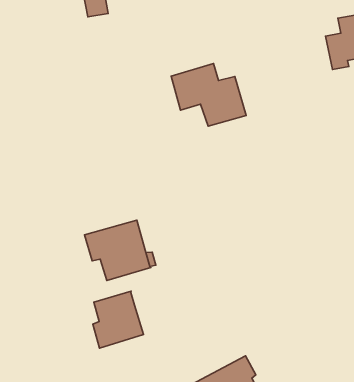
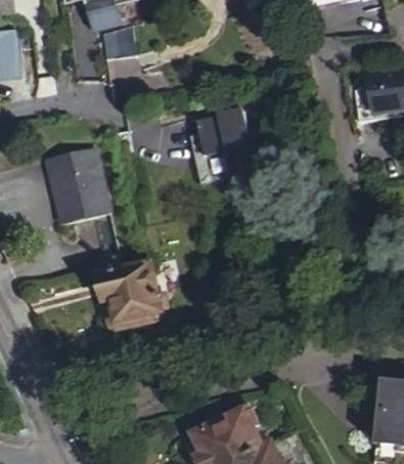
building: none -> [49,147,110,224]
building: [93,291,143,348] -> none

